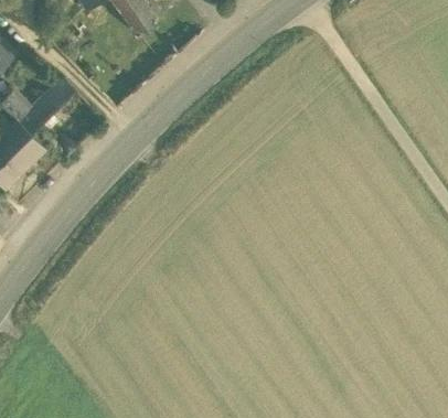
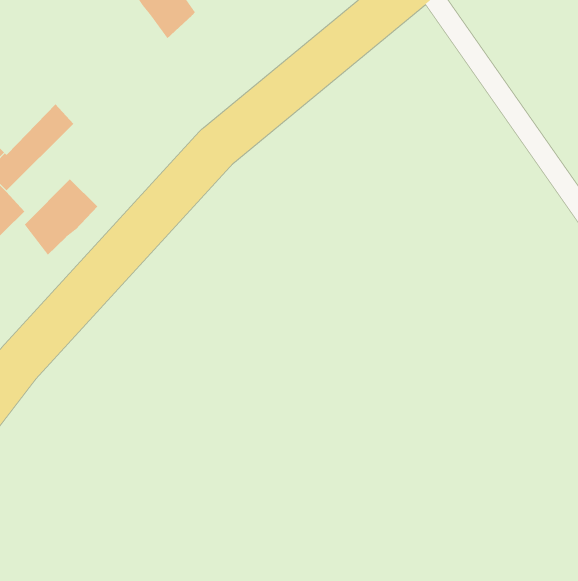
building: none -> [24,178,98,256]

